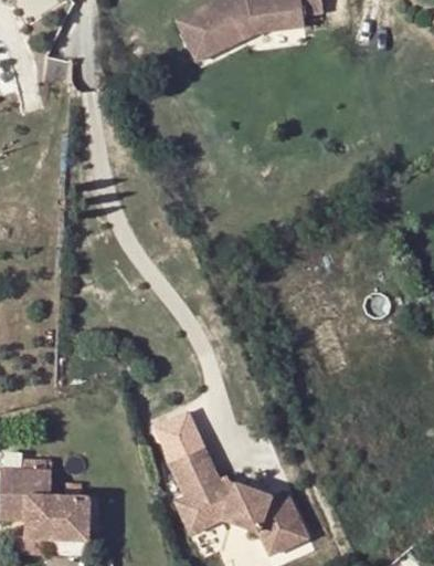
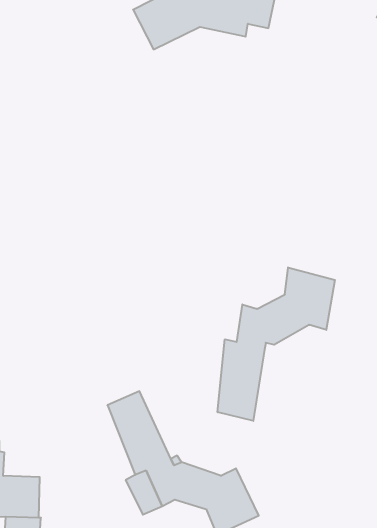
building: none -> [218,267,335,421]

